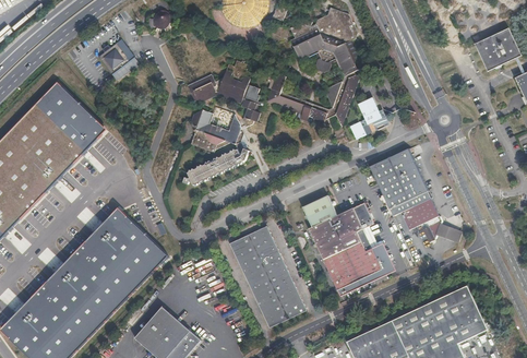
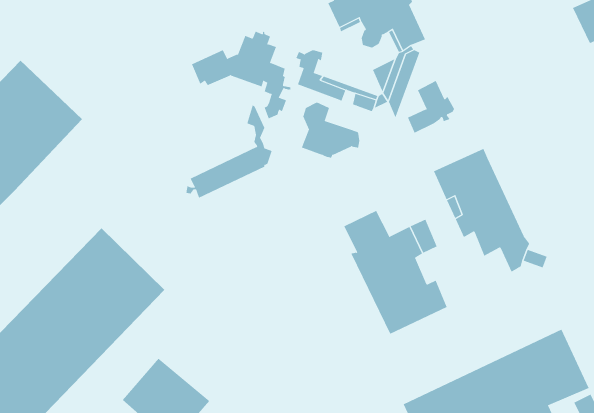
building: [97,43,128,74] -> none
building: [190,109,235,152] -> [301,102,360,158]
building: [228,226,306,327] -> none

